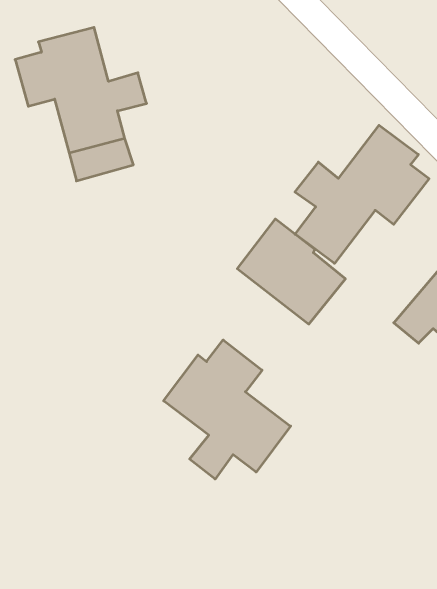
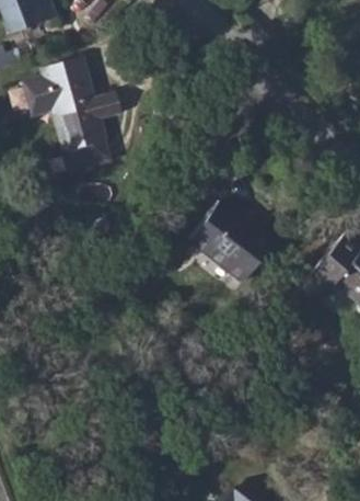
building: [295,125,429,263] -> none
building: [164,340,291,479] -> none

